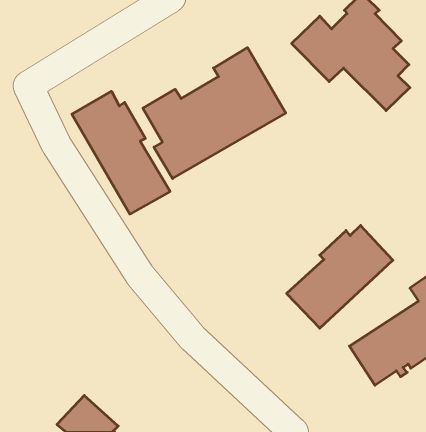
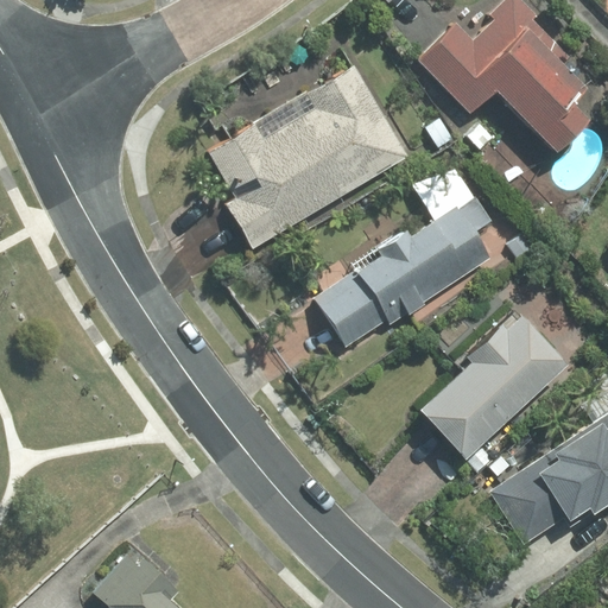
building: [72,91,170,214] -> none
building: none -> [318,162,498,347]

